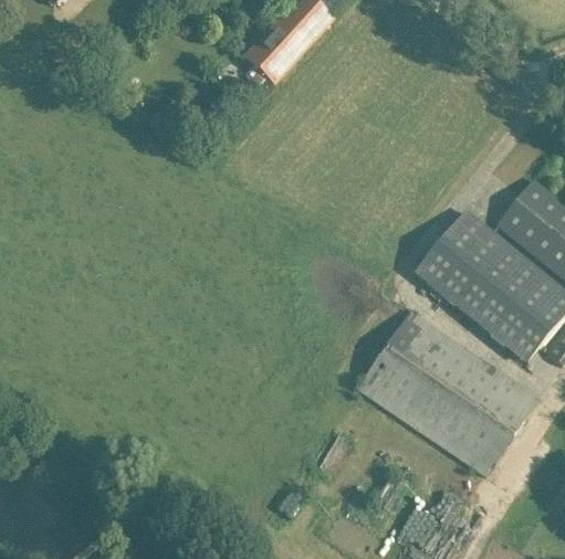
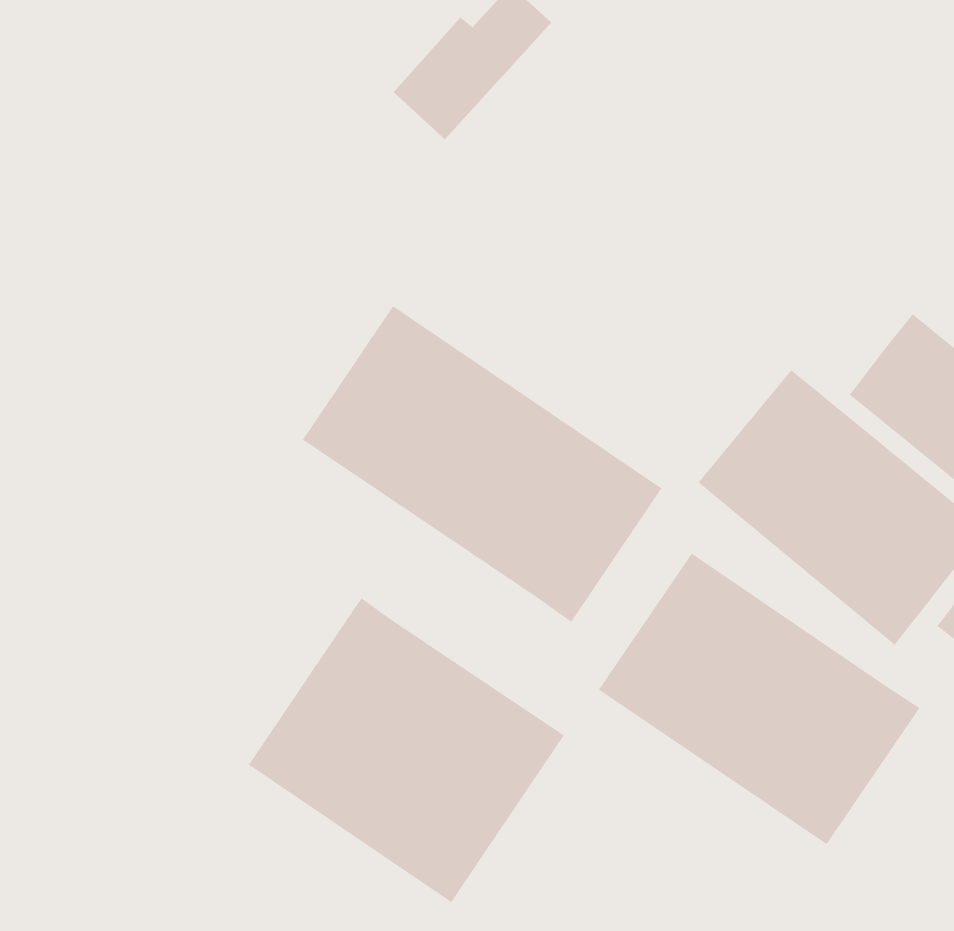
building: none -> [302,305,662,623]
building: none -> [248,597,565,903]

